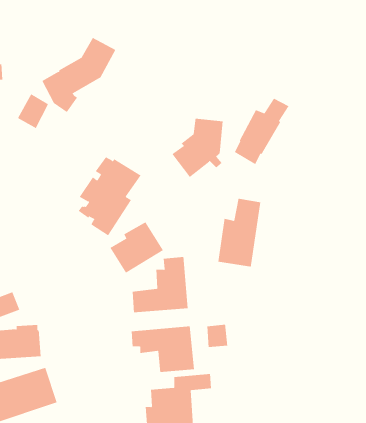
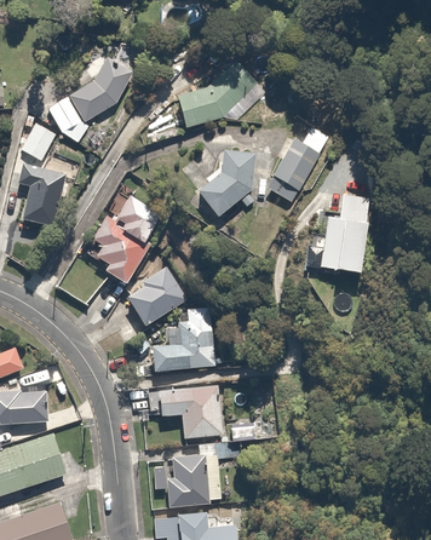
building: none -> [176,61,266,128]
building: none -> [17,165,68,228]
building: [217,198,261,267] -> [320,195,369,274]
building: [207,324,228,348] -> none

